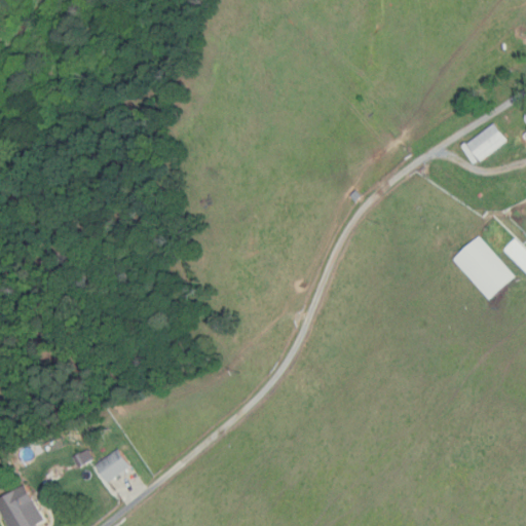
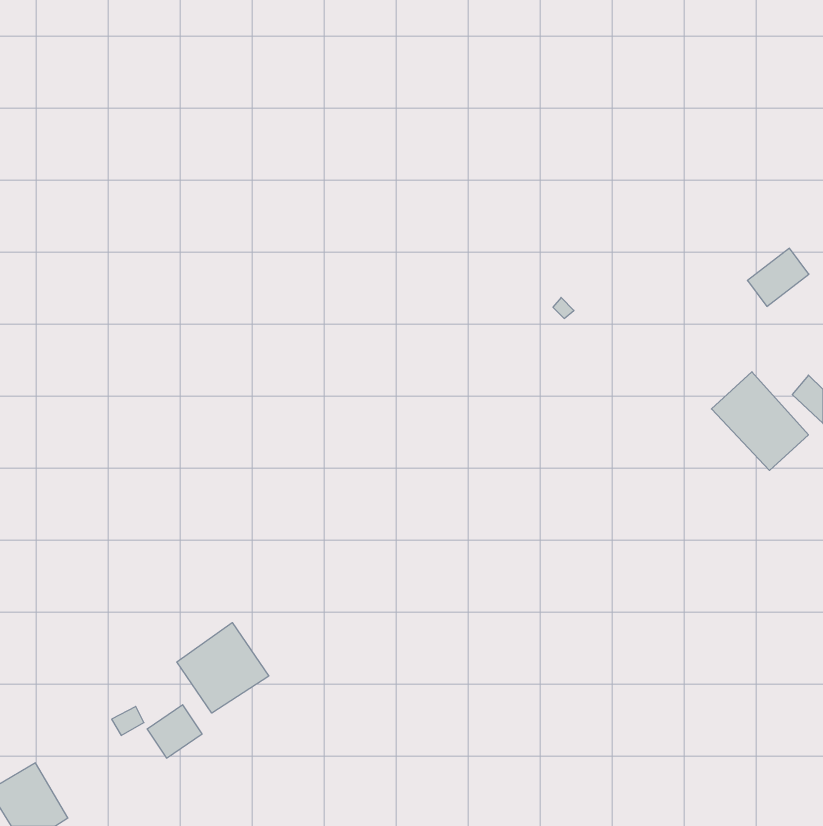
building: [466,123,505,160] -> [747,248,809,306]
building: none -> [177,623,269,713]

